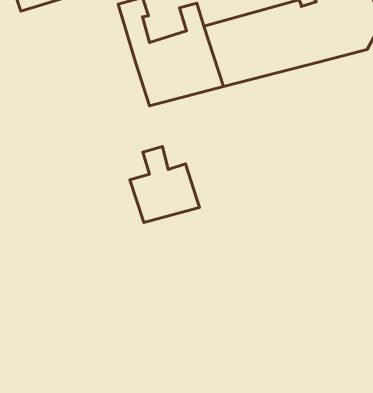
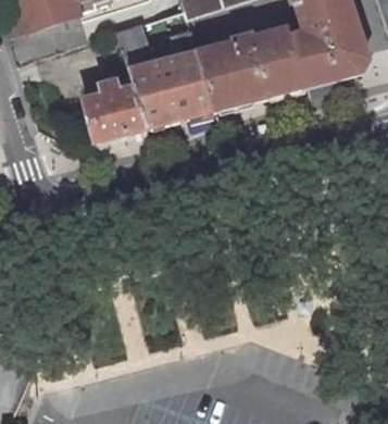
building: [130,146,199,223] -> [83,70,148,141]

